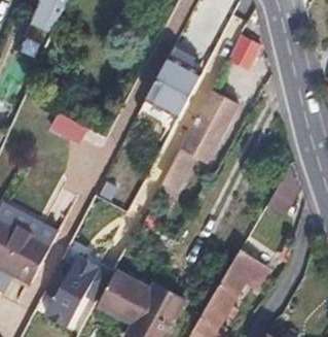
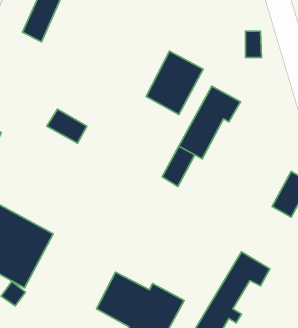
building: [50,244,115,316] -> none

